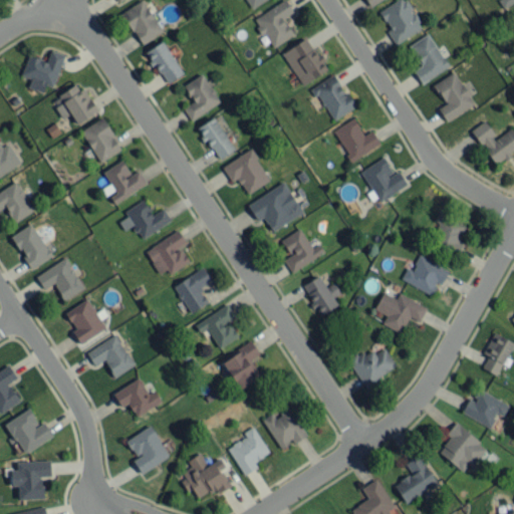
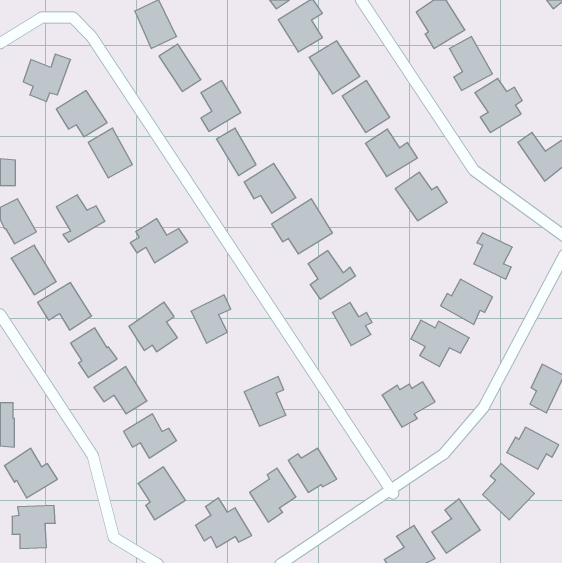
building: [104,161,149,204] -> [56,195,105,242]
building: [147,230,191,275] -> [129,302,177,352]
building: [196,306,239,348] -> none

